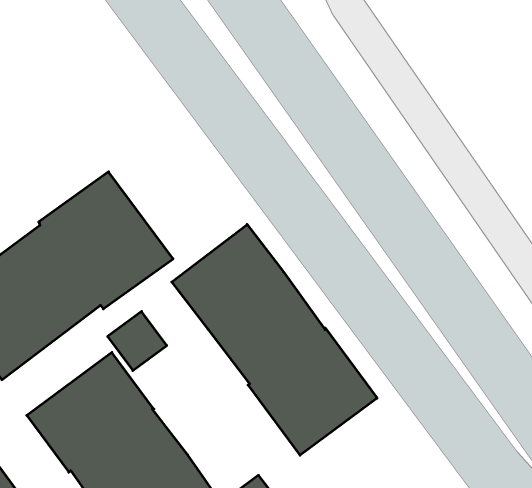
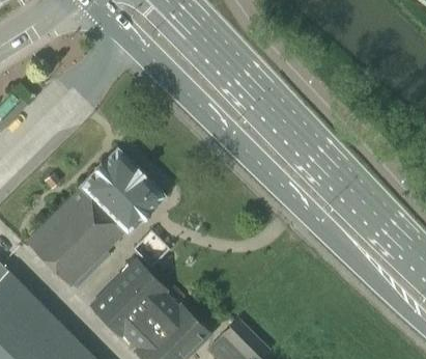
building: [172,224,377,455] -> none

